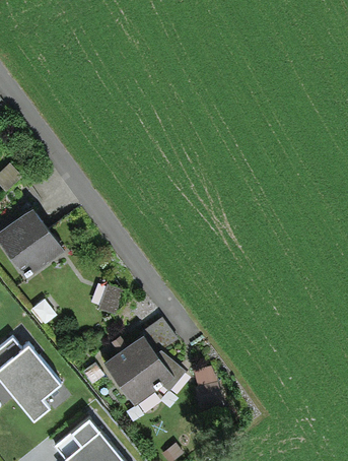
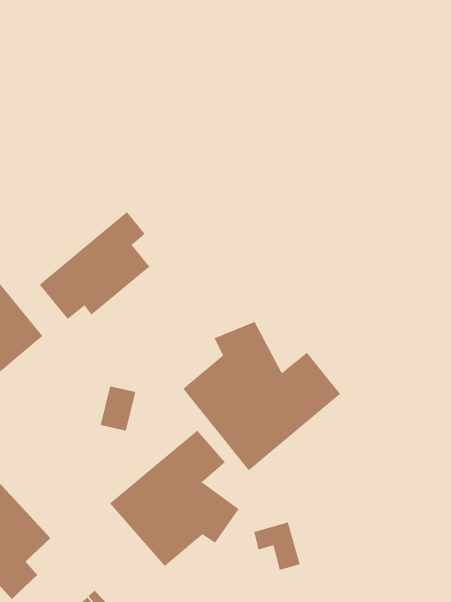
building: none -> [39,211,150,320]
building: none -> [183,321,341,471]

